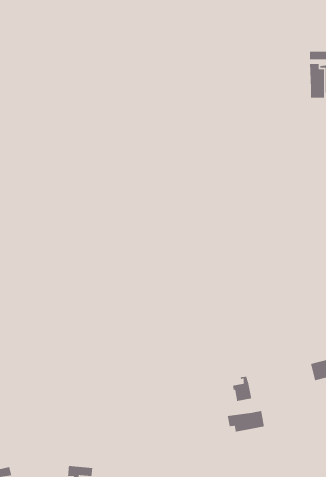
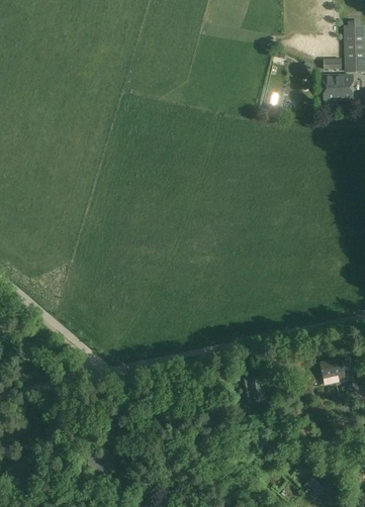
building: [227,410,265,432] -> none

